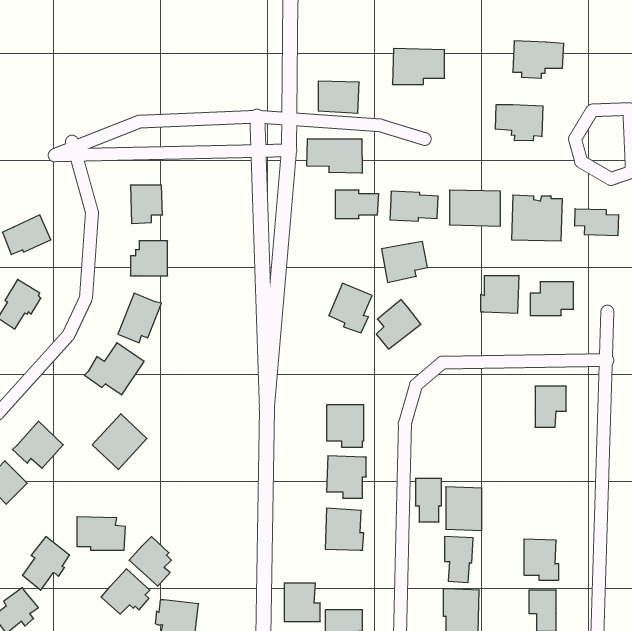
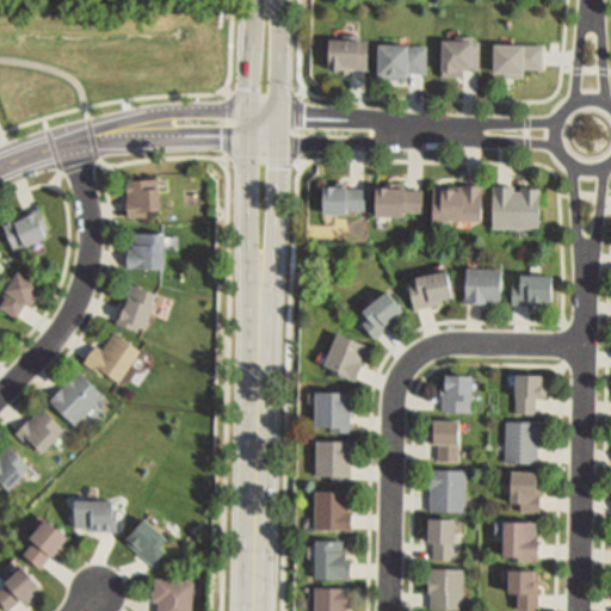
building: none -> [440,41,477,76]
building: [318,81,359,113] -> [328,39,368,70]
building: [495,105,543,141] -> none
building: [307,139,362,173] -> none
building: [575,209,619,236] -> none
building: [381,242,427,282] -> [407,272,451,311]
building: [329,283,372,333] -> [322,334,364,382]
building: none -> [439,376,471,414]
building: [92,414,147,470] -> [47,372,99,426]
building: none -> [504,422,536,464]
building: [415,478,441,522] -> [433,420,458,462]
building: none -> [510,471,539,513]
building: [101,569,150,614] -> none
building: [284,583,320,622] -> [314,542,348,579]

